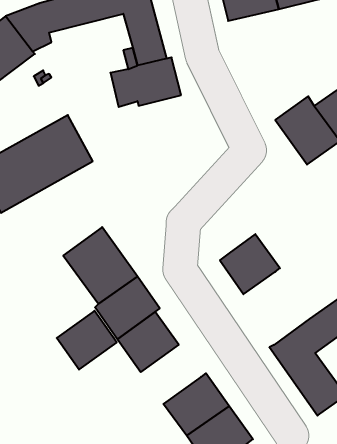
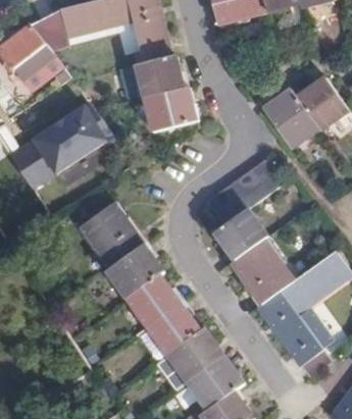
building: none -> [146,88,196,133]
building: none -> [206,158,283,225]
building: none -> [234,242,294,305]
building: [57,311,117,370] -> [148,305,200,356]

